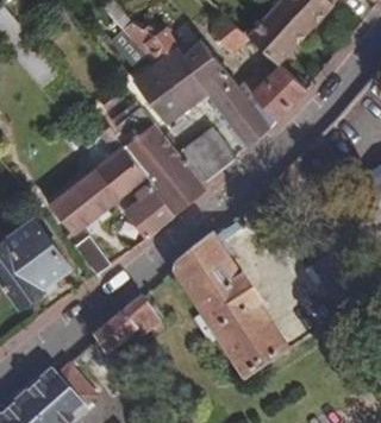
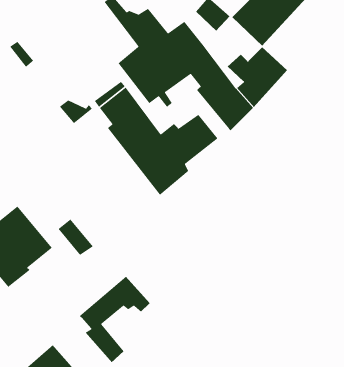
building: [49,145,175,238] -> none
building: [175,235,286,378] -> none

